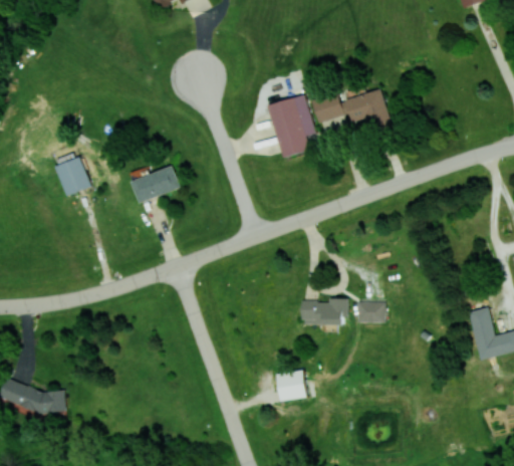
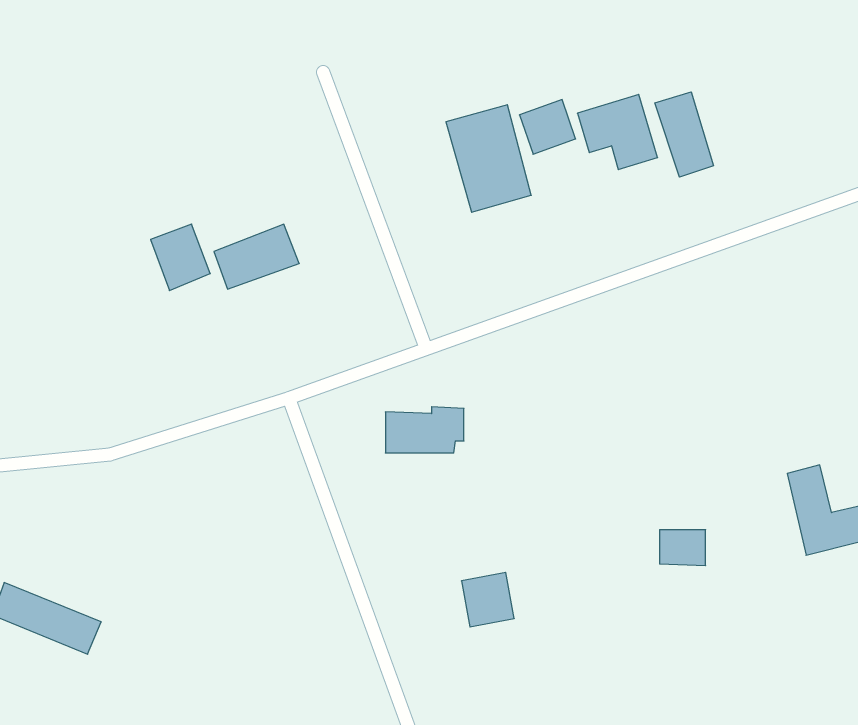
building: none -> [655,92,714,177]
building: [55,157,90,196] -> [151,224,210,291]
building: [301,297,347,324] -> [385,407,464,453]
building: [356,301,383,322] -> [660,530,706,566]

